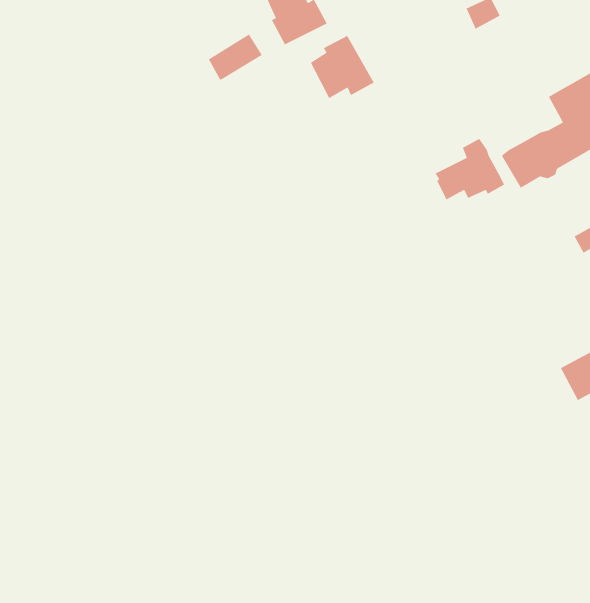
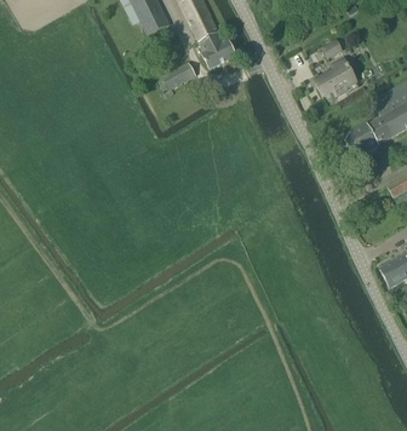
building: [310,35,375,99] -> none
building: [434,138,505,201] -> [315,57,359,96]

